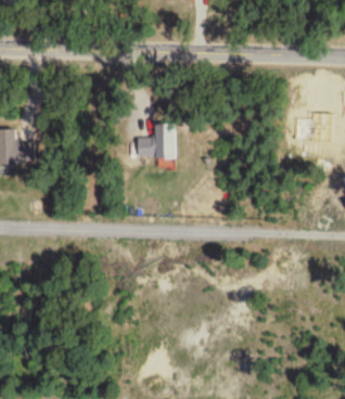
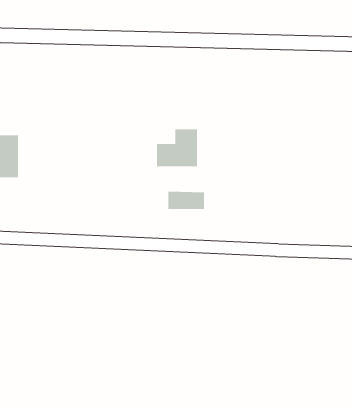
building: none -> [168,191,205,210]

